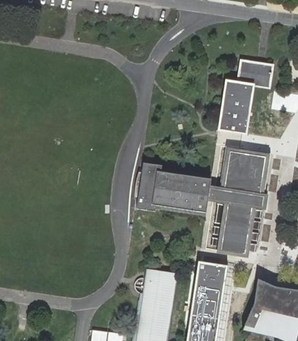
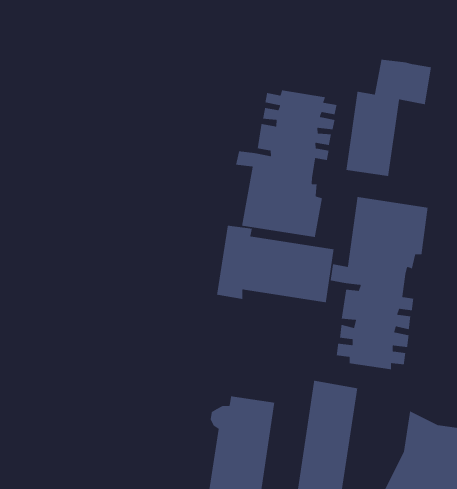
building: none -> [235,90,337,238]

